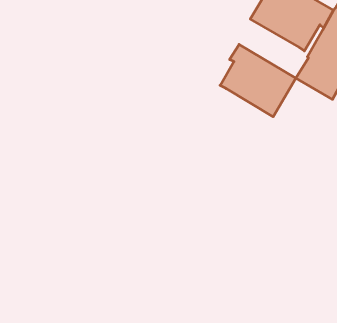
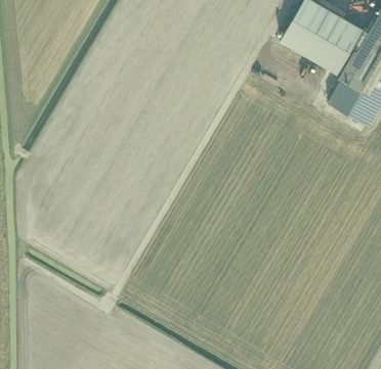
building: [220,44,296,117] -> none

